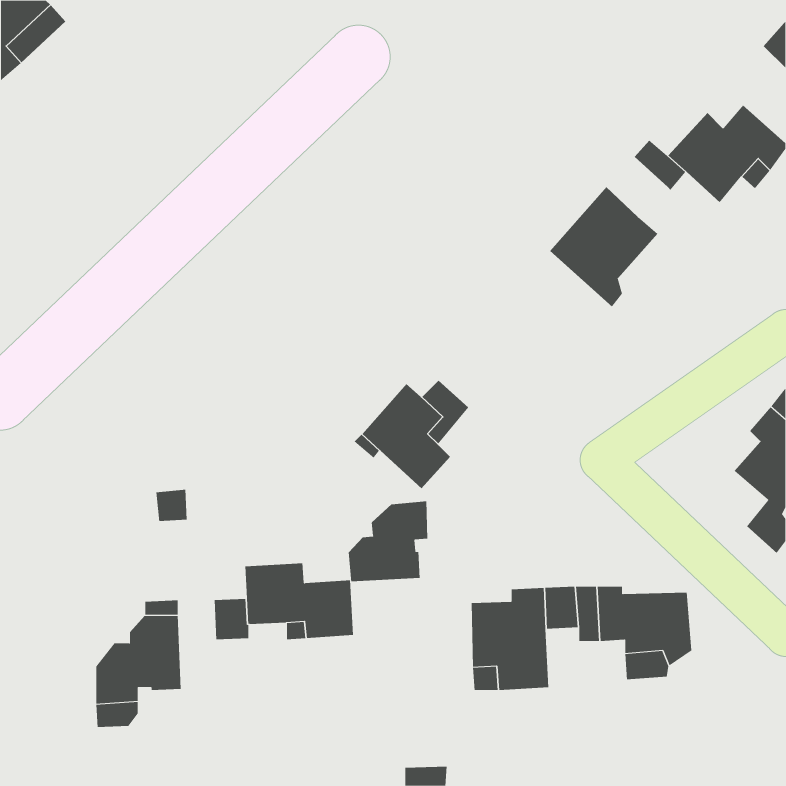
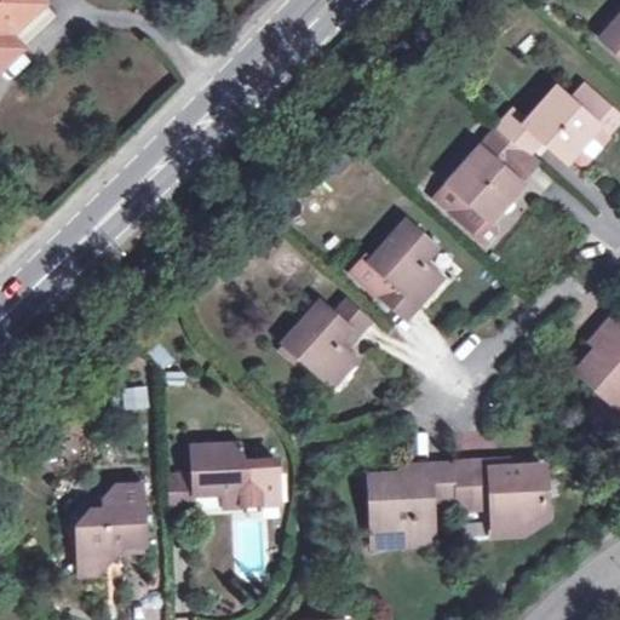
building: none -> [477,124,526,171]
building: none -> [369,222,440,320]
building: [348,500,428,582] -> none

